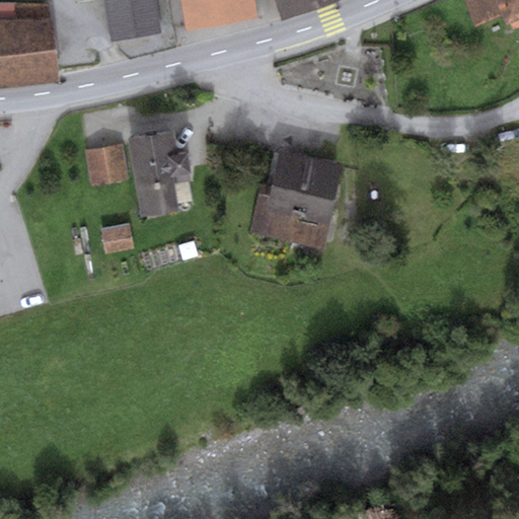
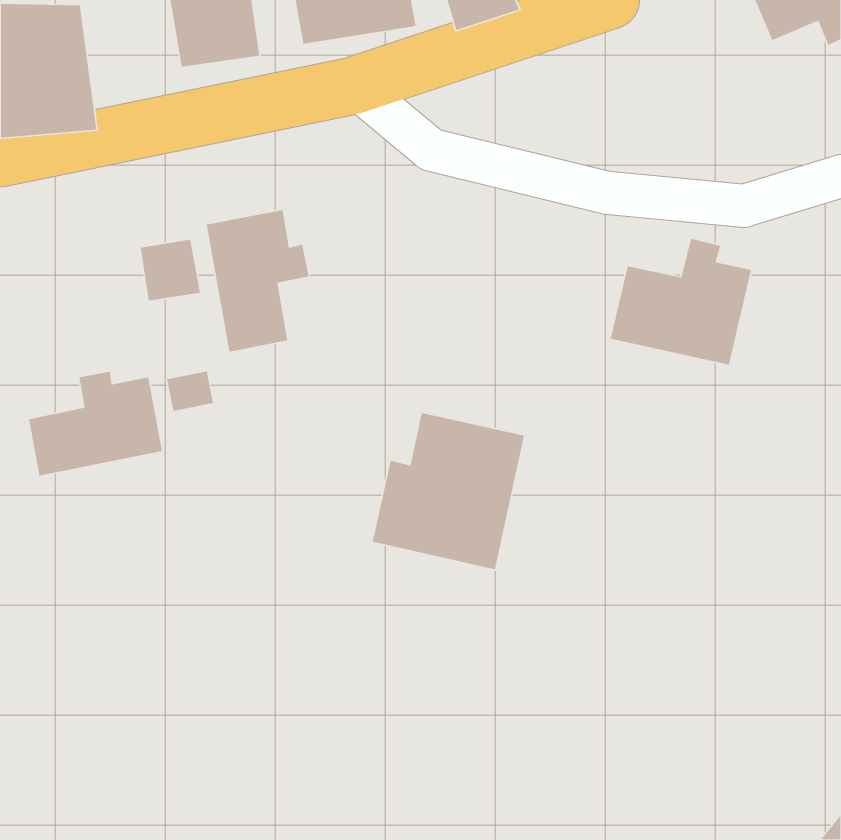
building: none -> [610,238,752,366]
building: [249,151,344,248] -> [372,412,525,570]
building: none -> [28,371,163,476]

